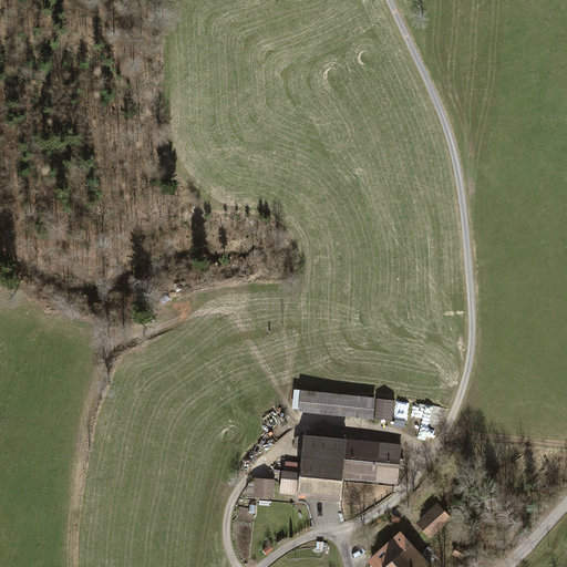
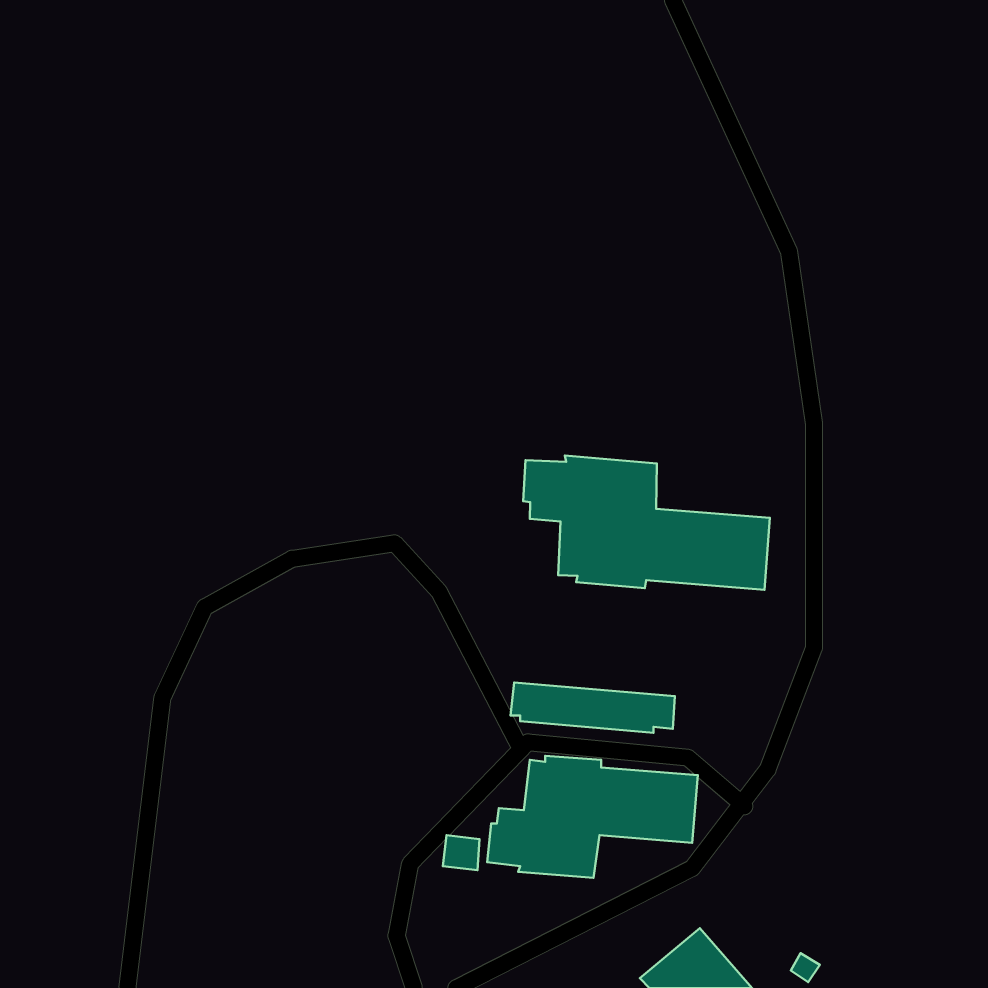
building: none -> [523,456,770,590]
building: [415,504,451,538] -> none

